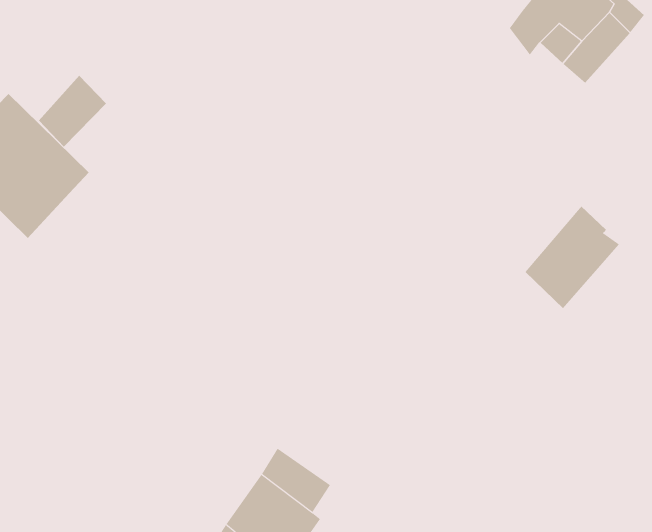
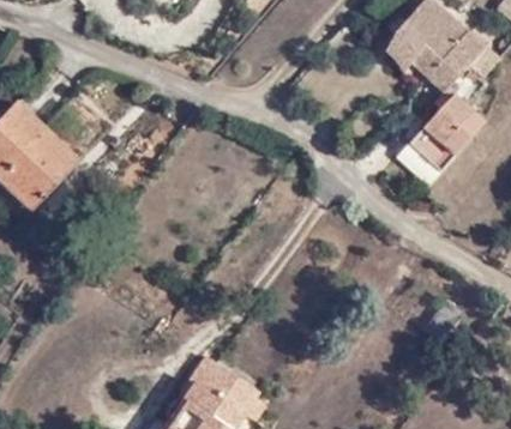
building: [38,75,107,148] -> none
building: [524,206,620,309] -> [410,93,481,170]

